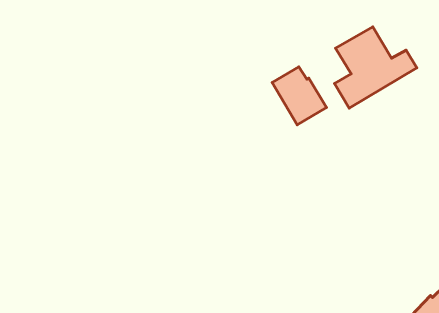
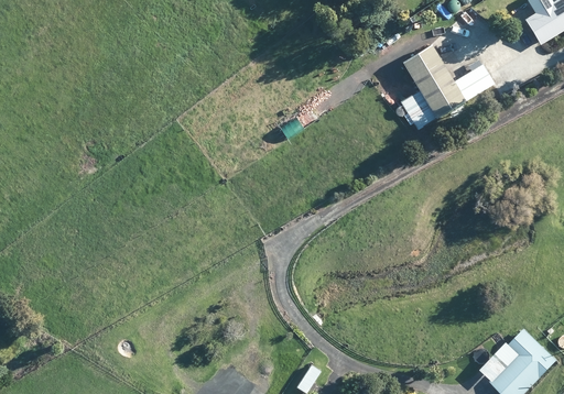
building: [272,67,327,125] -> none

